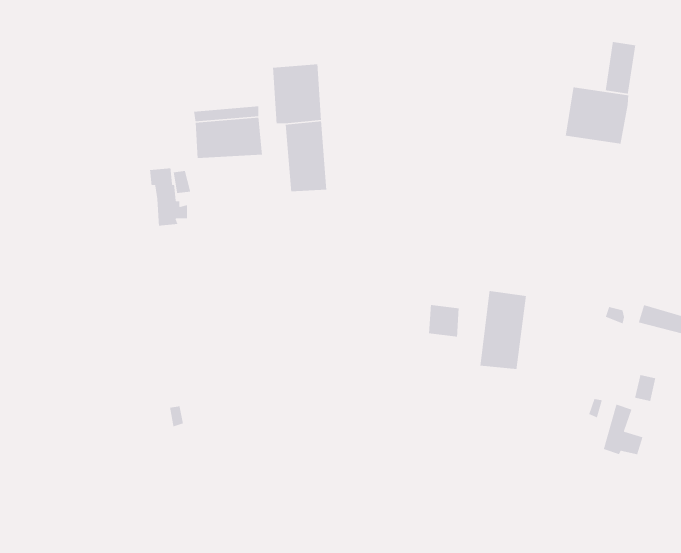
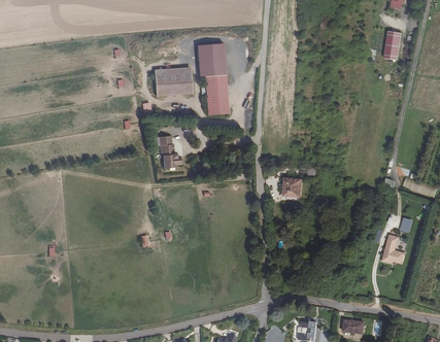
building: [565,86,629,144] -> none
building: [149,168,188,226] -> [158,135,179,168]
building: [479,290,527,370] -> none

